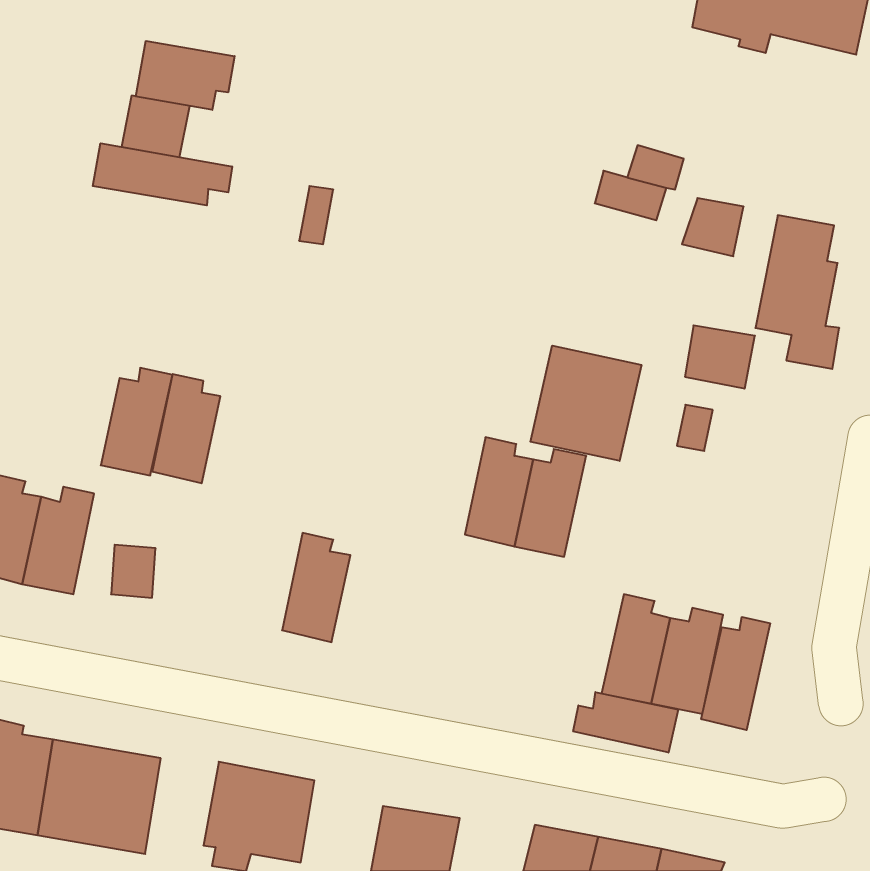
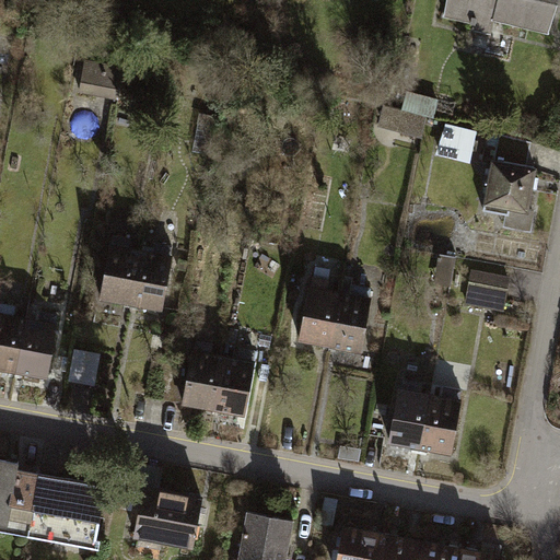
building: [136,41,235,110] -> none
building: [93,143,232,205] -> none
building: [685,325,755,389] -> [465,273,510,314]
building: [530,346,641,461] -> none
building: [101,368,172,475] -> [129,247,175,316]
building: none -> [212,349,258,418]
building: [701,617,770,730] -> none
building: [573,692,678,753] -> none

